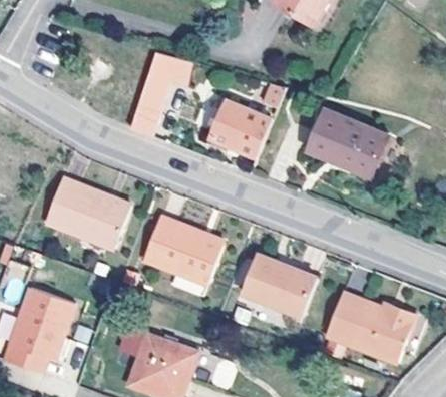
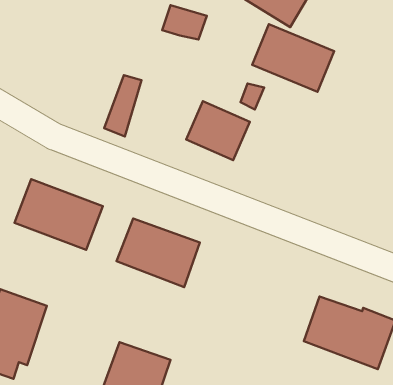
building: [149,53,192,86] -> [162,5,207,40]
building: [306,111,385,176] -> [252,24,334,92]
building: [241,252,314,311] -> none

